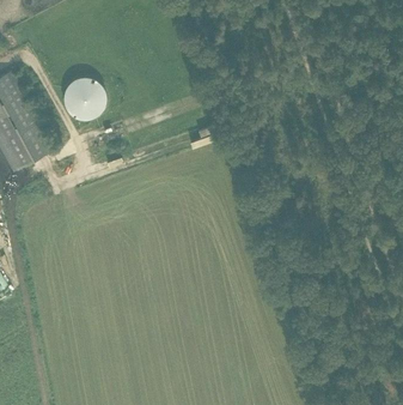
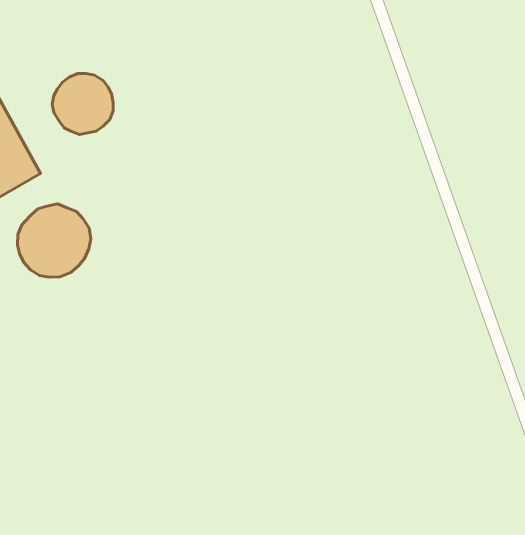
building: none -> [17,204,91,277]

